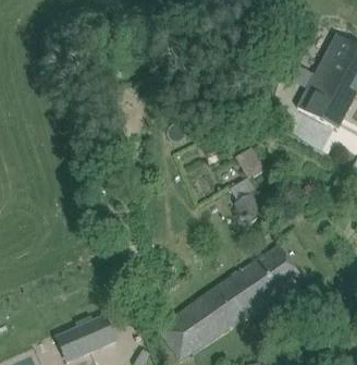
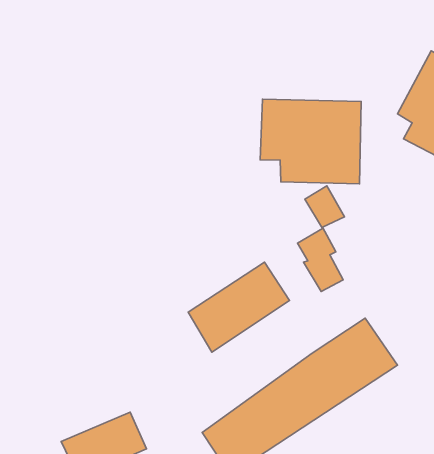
building: none -> [260,99,361,184]
building: none -> [188,262,289,352]

